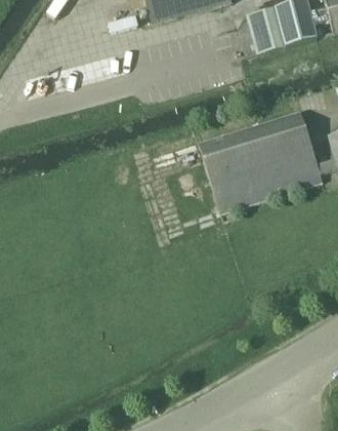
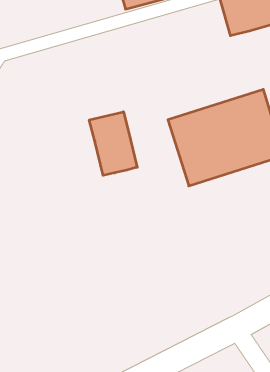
building: none -> [89,112,137,175]

